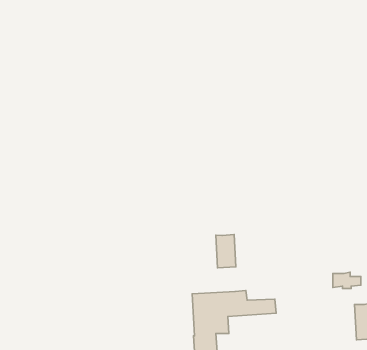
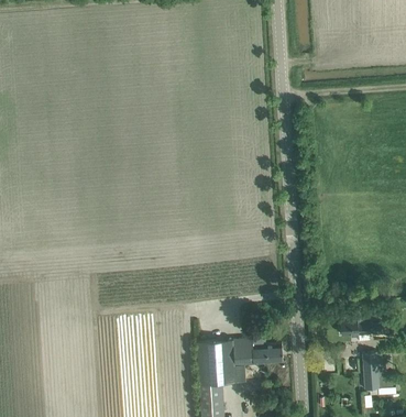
building: [216,234,236,268] -> none

